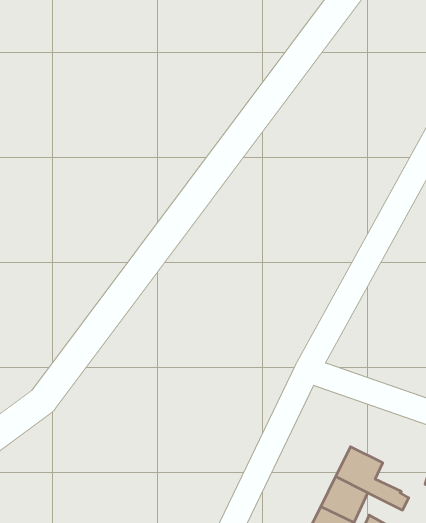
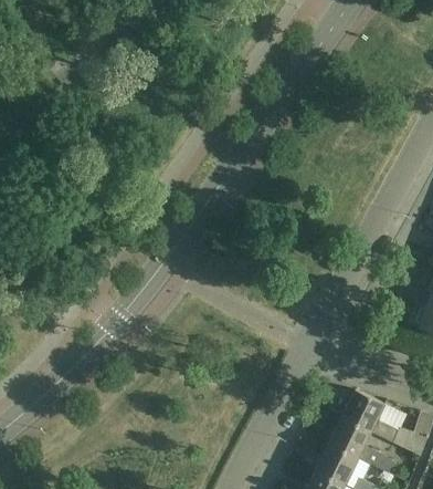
building: none -> [344,391,401,443]

